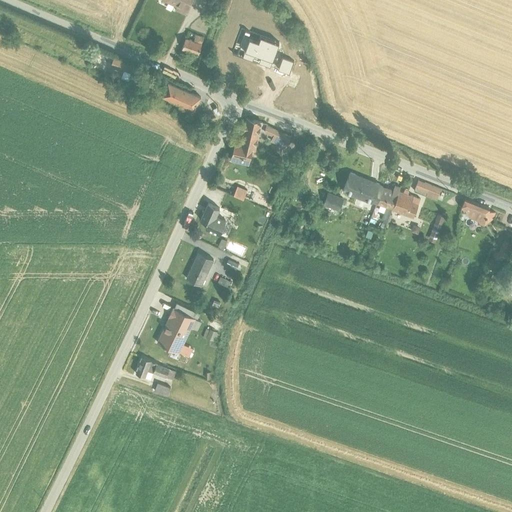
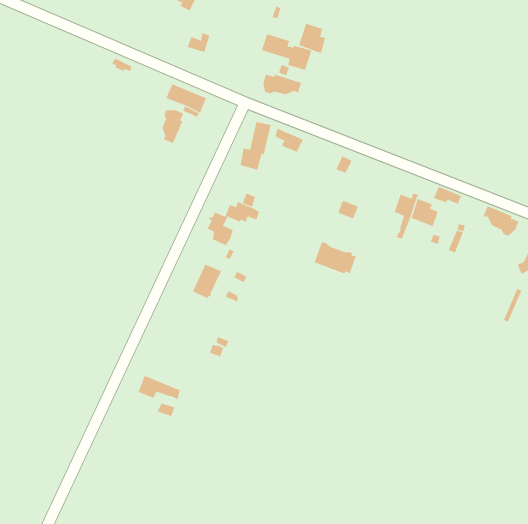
building: none -> [299,23,326,54]
building: none -> [263,74,302,95]
building: none -> [162,109,184,144]
building: [342,172,382,203] -> [314,241,356,274]
building: [156,302,199,356] -> none

